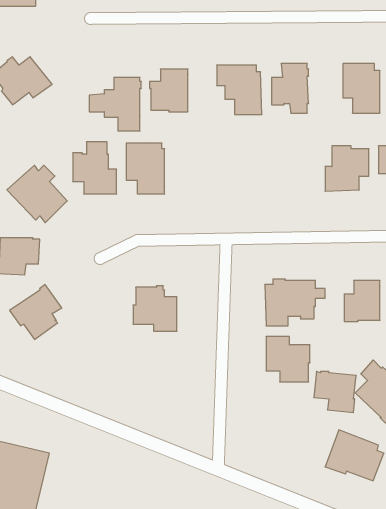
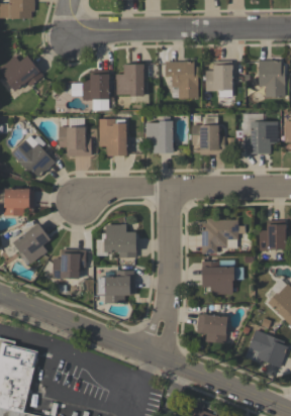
building: none -> [191,117,223,154]
building: none -> [146,121,173,153]
building: none -> [52,249,85,280]
building: none -> [97,271,133,304]
building: [314,371,356,413] -> [196,314,227,344]

